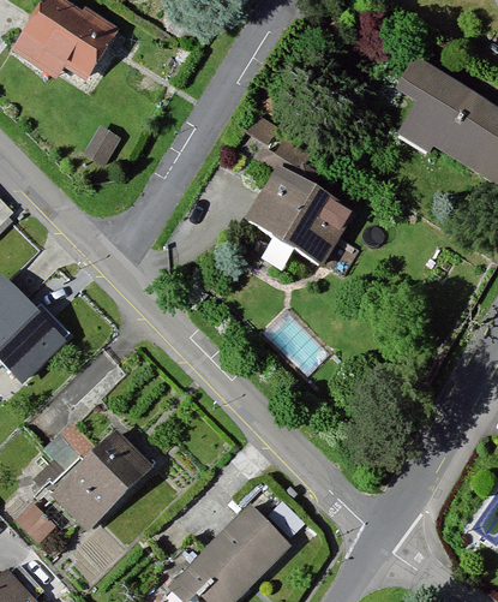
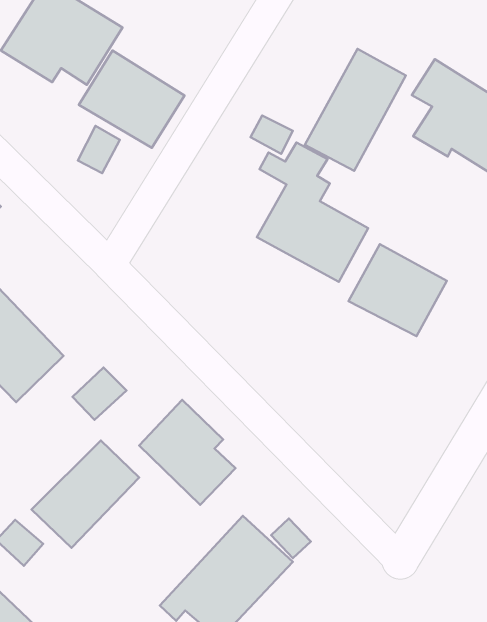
building: none -> [305,49,406,171]
building: none -> [79,51,185,148]
building: none -> [349,244,447,336]
building: none -> [139,400,236,505]

